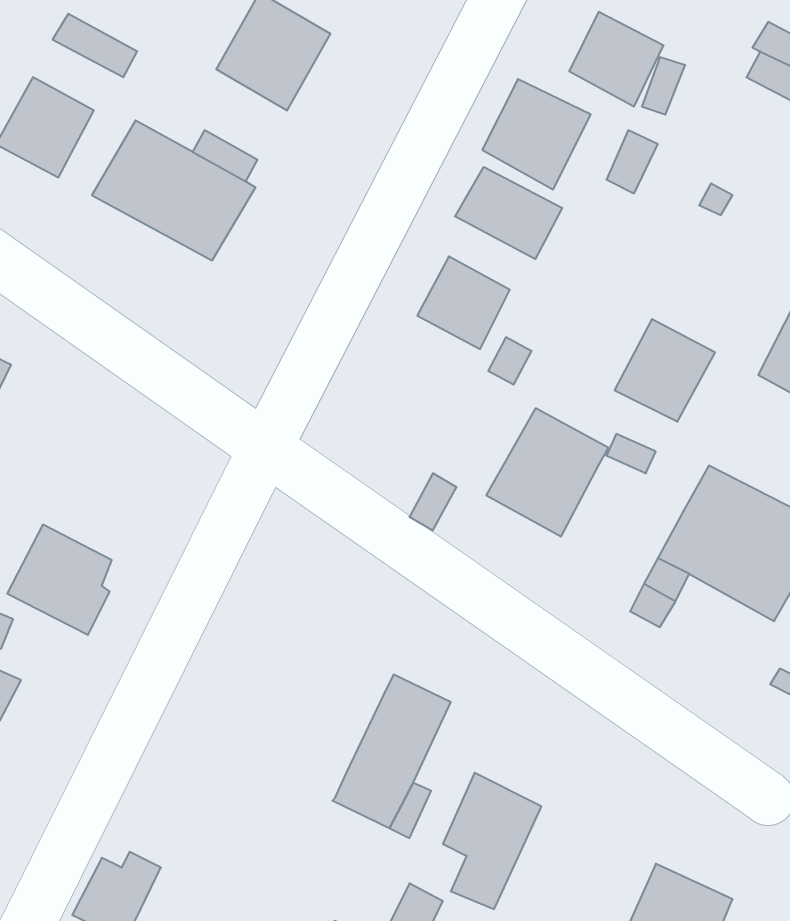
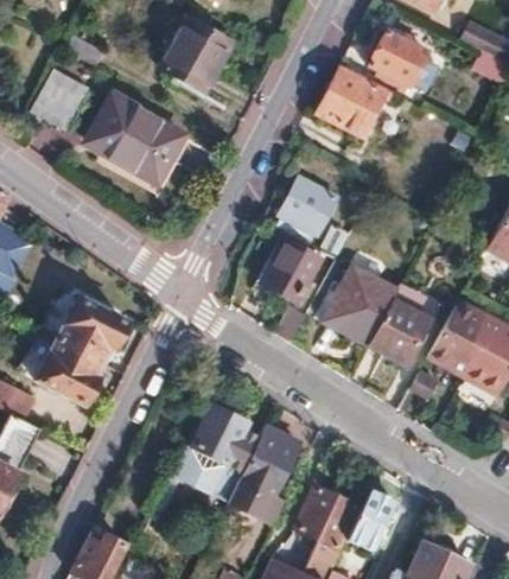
building: [455,167,562,259] -> none
building: [615,319,715,422] -> [367,303,427,364]
building: none -> [266,240,317,297]
building: none -> [55,299,125,360]
building: none -> [171,407,260,503]
building: none -> [345,490,395,553]

